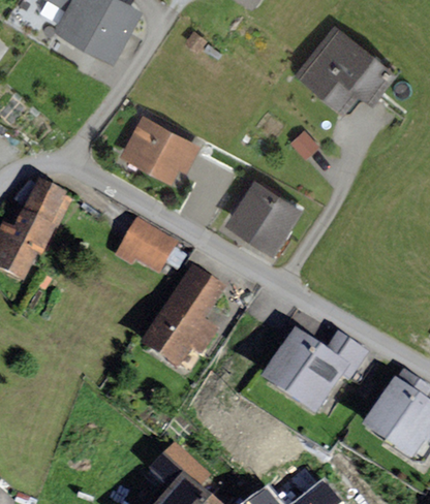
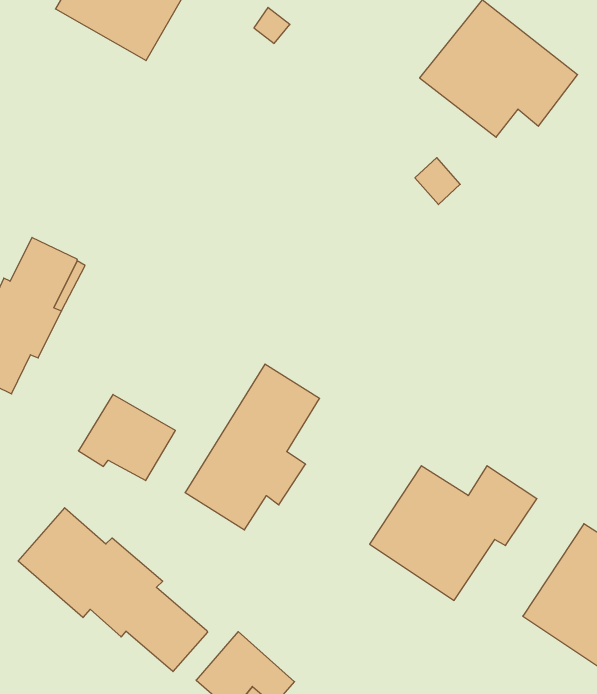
building: [119,113,201,182] -> none
building: [224,178,304,255] -> none
building: [115,218,179,275] -> [78,394,175,481]
building: none -> [18,508,208,672]

